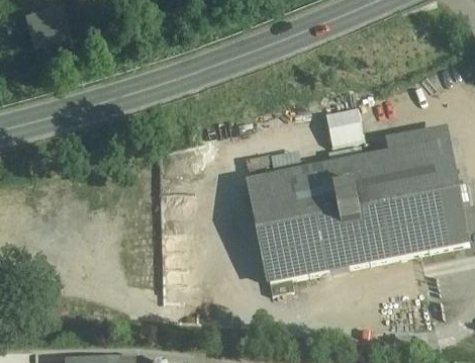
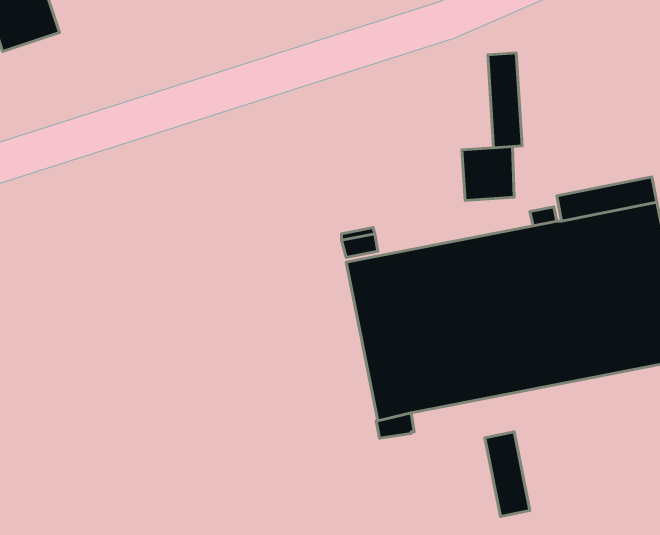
building: none -> [488,53,522,148]
building: none -> [485,432,530,517]

